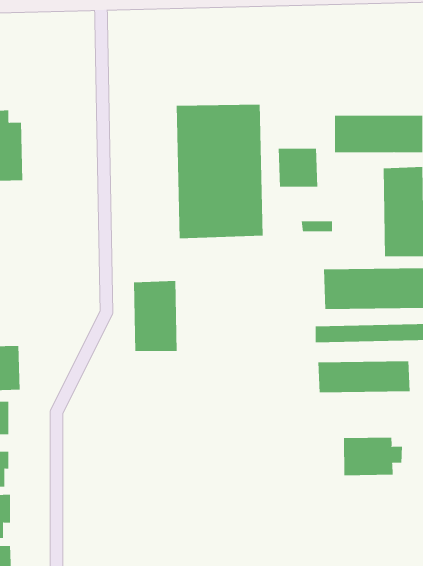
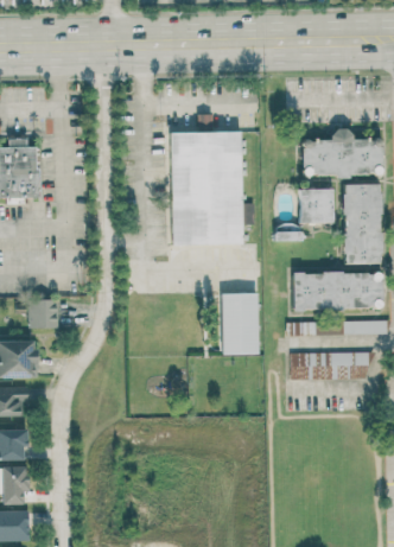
building: [278,148,318,187] -> [300,189,335,222]
building: [133,281,177,351] -> [221,292,259,352]
building: none -> [28,298,58,327]
building: [344,437,402,476] -> none

